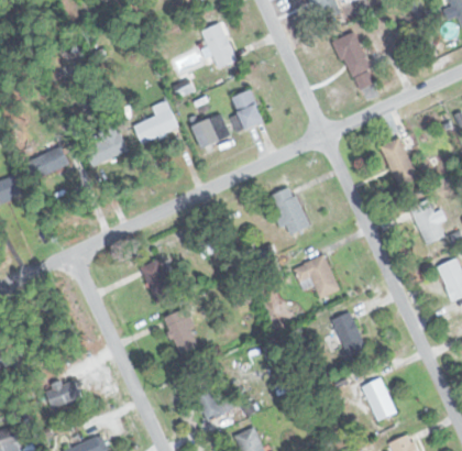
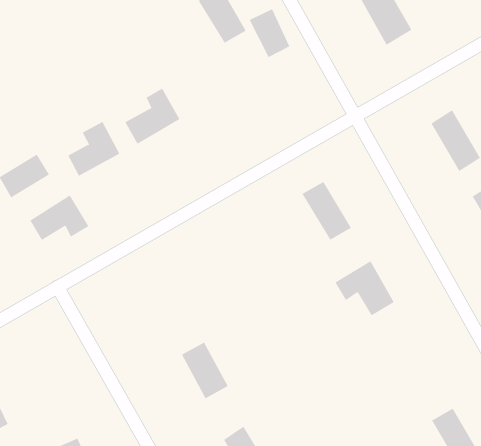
building: [231,89,263,129] -> [249,8,290,58]
building: [190,111,233,150] -> none
building: none -> [29,195,89,241]
building: [140,259,177,306] -> none
building: [330,311,366,358] -> none

